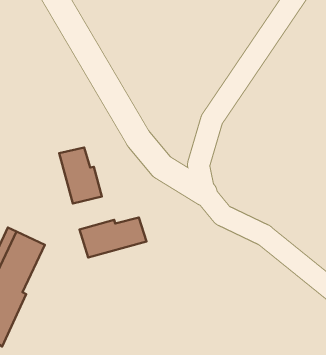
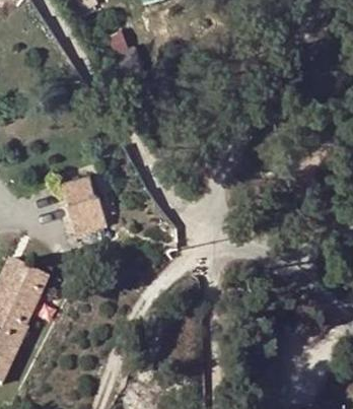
building: [79,217,147,257] -> none

